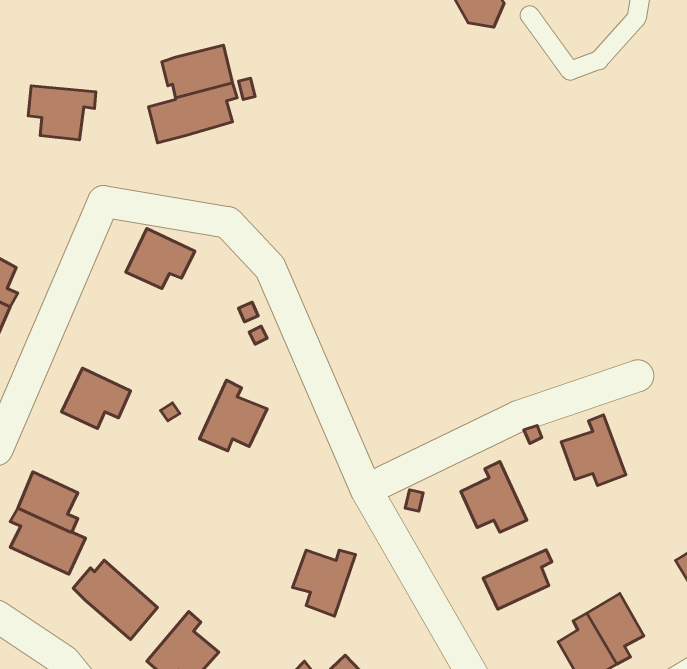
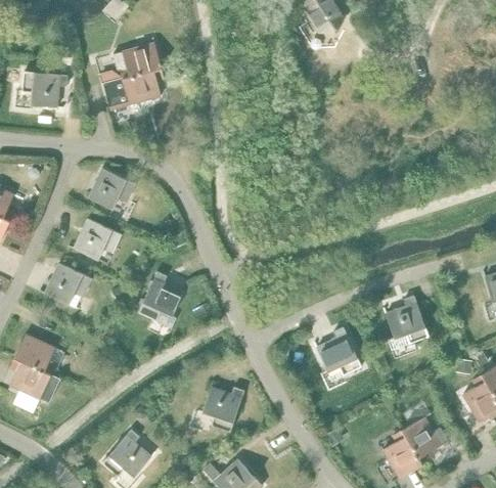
building: none -> [74,218,121,260]
building: [483,550,552,609] -> none
building: [73,560,157,639] -> none

